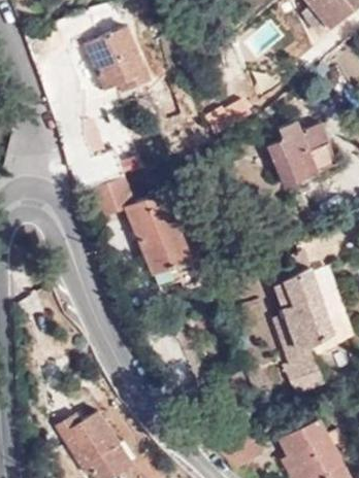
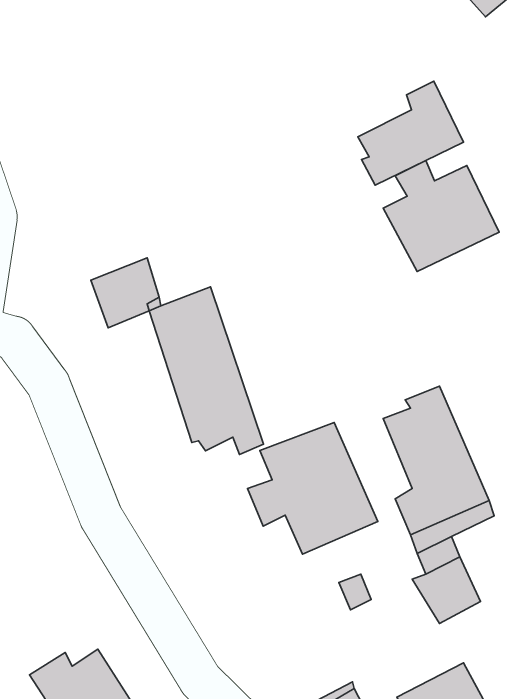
building: [84,25,150,93] -> none
building: none -> [358,81,464,185]
building: none -> [247,422,378,554]

